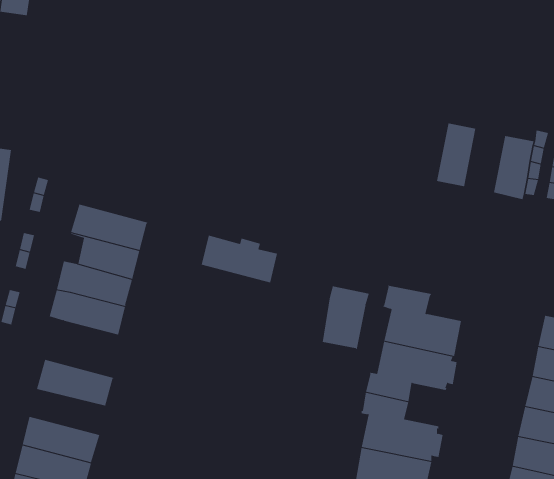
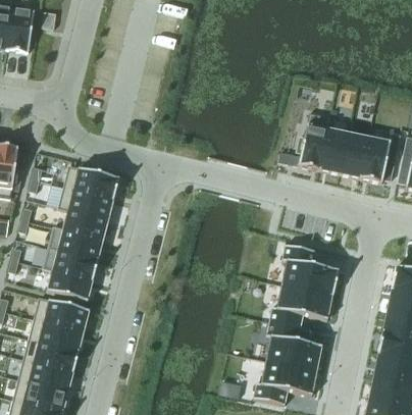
building: none -> [297,123,328,169]
building: none -> [341,132,369,177]
building: [201,235,278,283] -> [64,164,119,199]
building: [322,285,369,350] -> none
building: none -> [47,269,93,301]
building: none -> [29,318,84,351]

